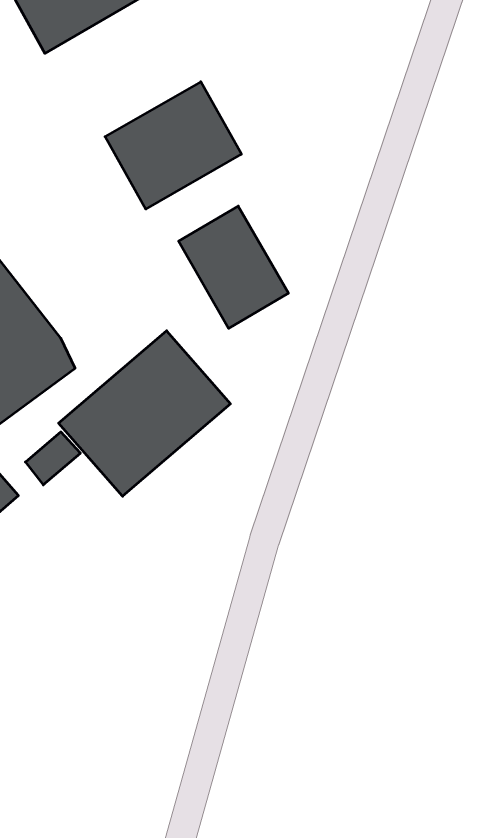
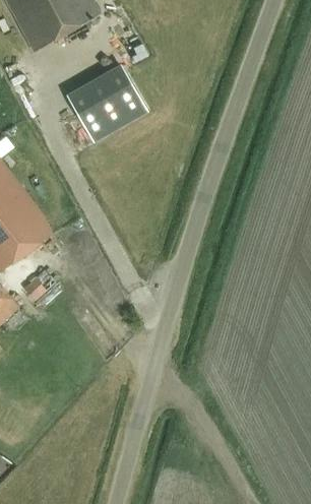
building: [179,206,288,328] -> none
building: [59,331,230,496] -> none

